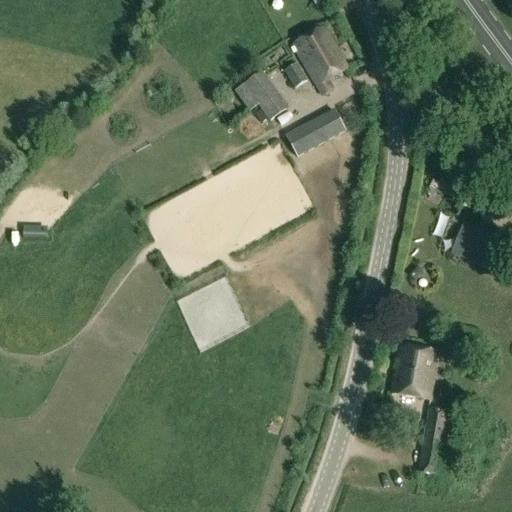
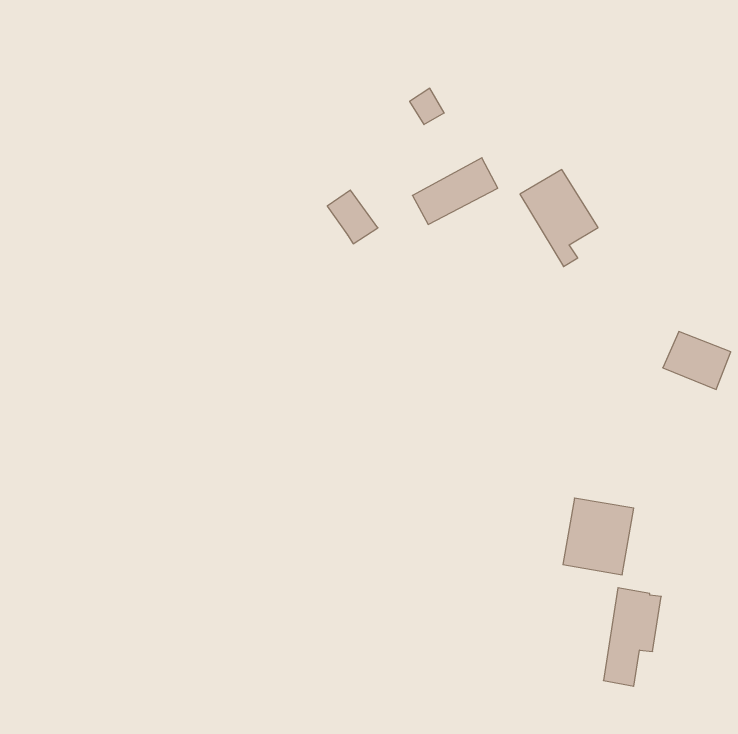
building: [292,26,346,93] -> [520,170,598,267]
building: [244,71,279,108] -> [327,190,378,244]

